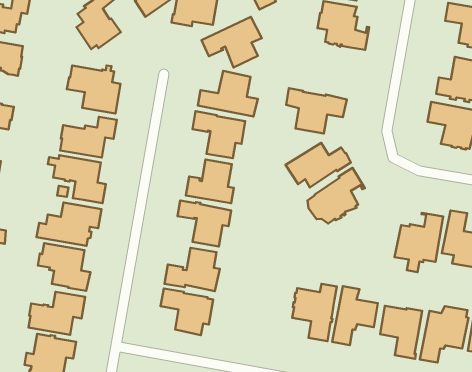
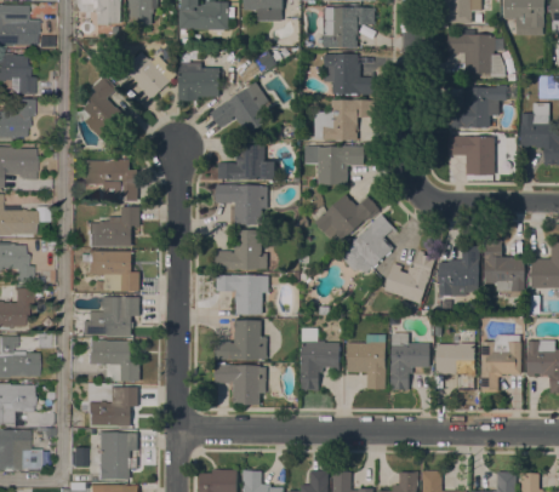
building: none -> [314,99,375,141]
building: none -> [384,252,434,302]
building: none -> [300,327,340,390]

